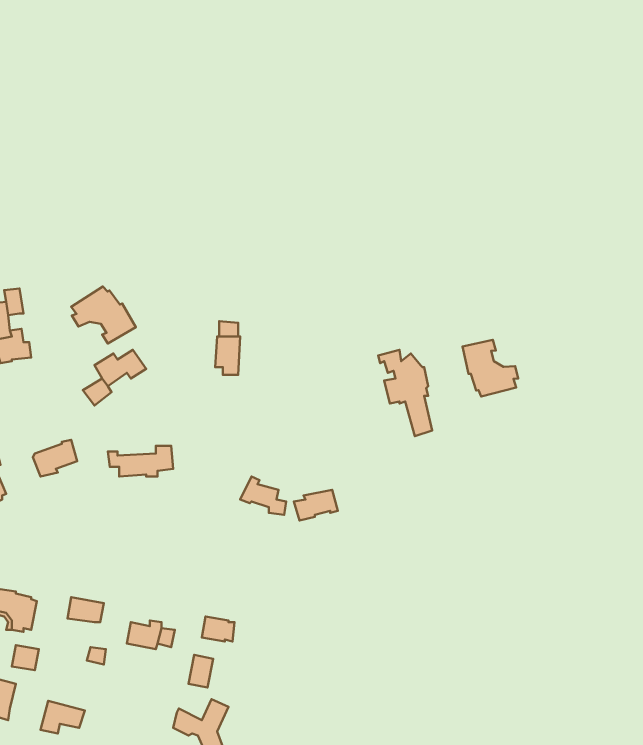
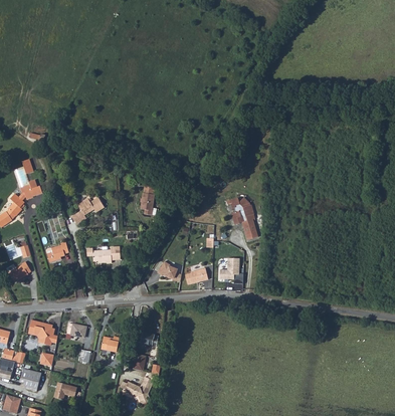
building: [71,287,136,343] -> none
building: [463,340,518,396] -> none
building: none -> [218,258,242,284]

